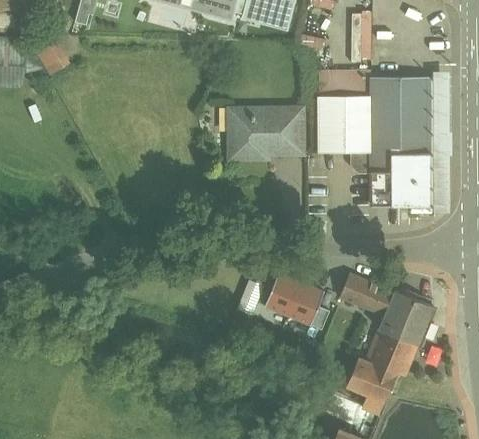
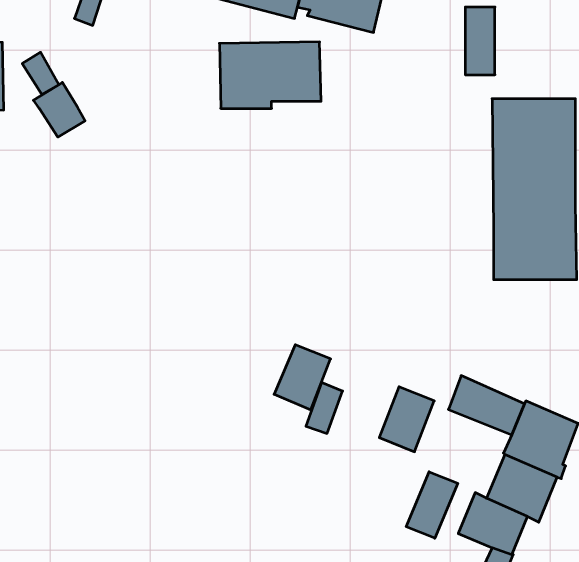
building: none -> [33,82,85,137]
building: [319,70,371,169] -> none
building: [229,110,301,157] -> [219,42,321,108]
building: [264,271,304,317] -> [274,345,331,410]
building: none -> [406,472,458,538]

